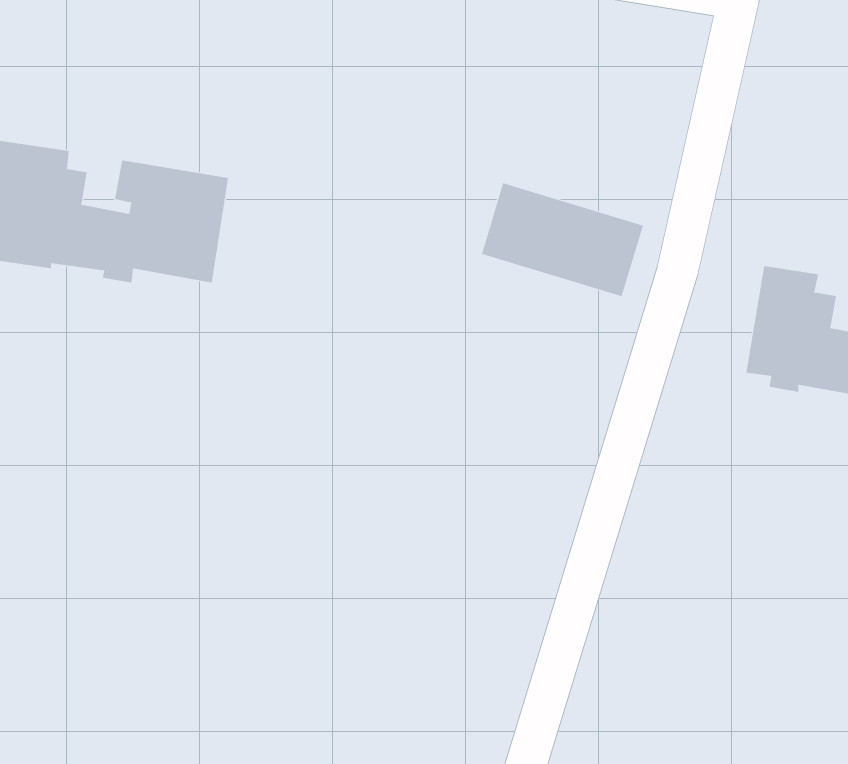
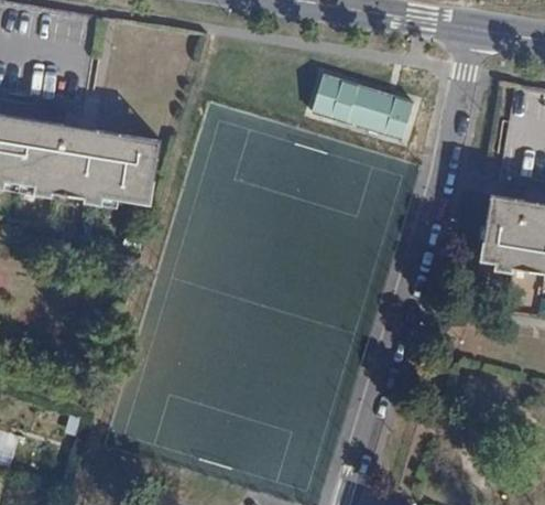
building: [481,182,644,297] -> [314,64,414,135]

